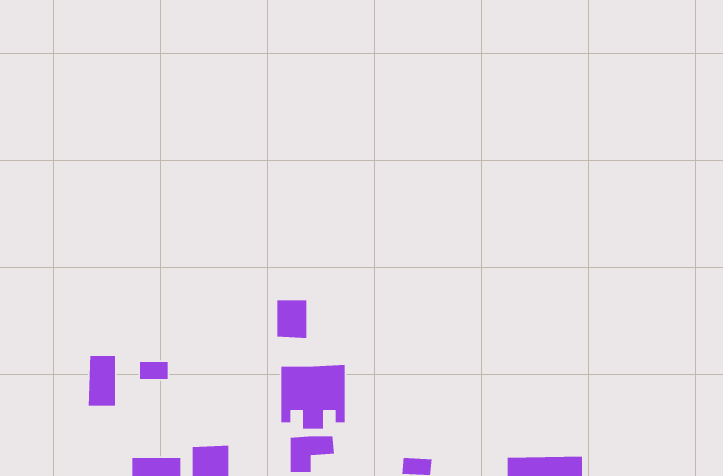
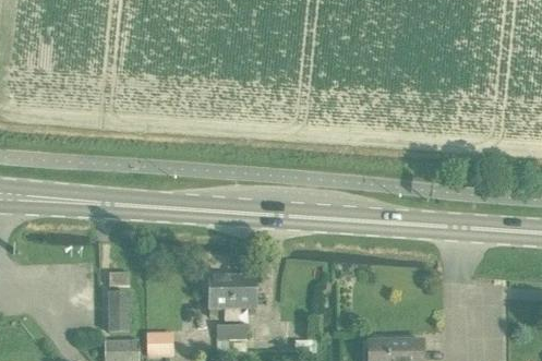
building: [276,299,307,339] -> none
building: [88,355,116,407] -> [108,293,128,329]

